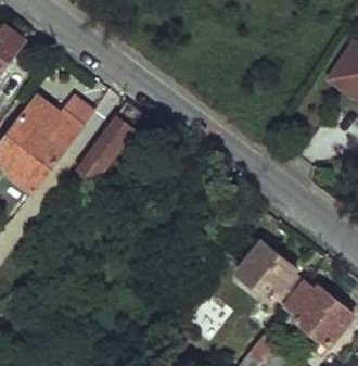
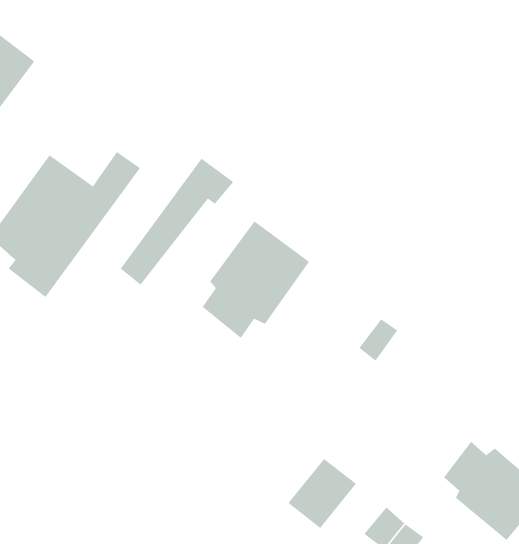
building: none -> [202,220,310,339]
building: [238,241,302,304] -> none

